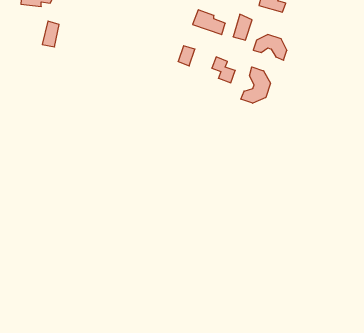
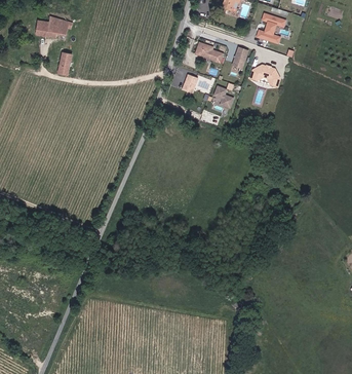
building: [241,67,270,103] -> none

